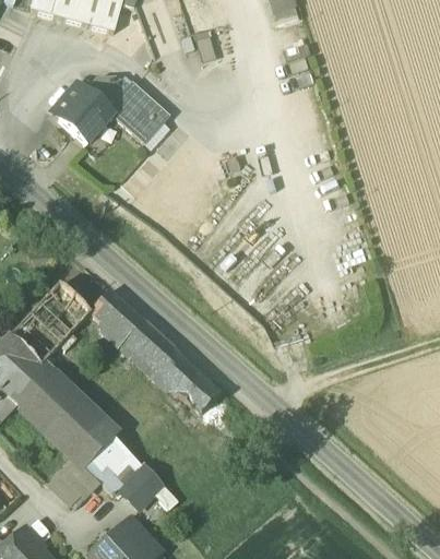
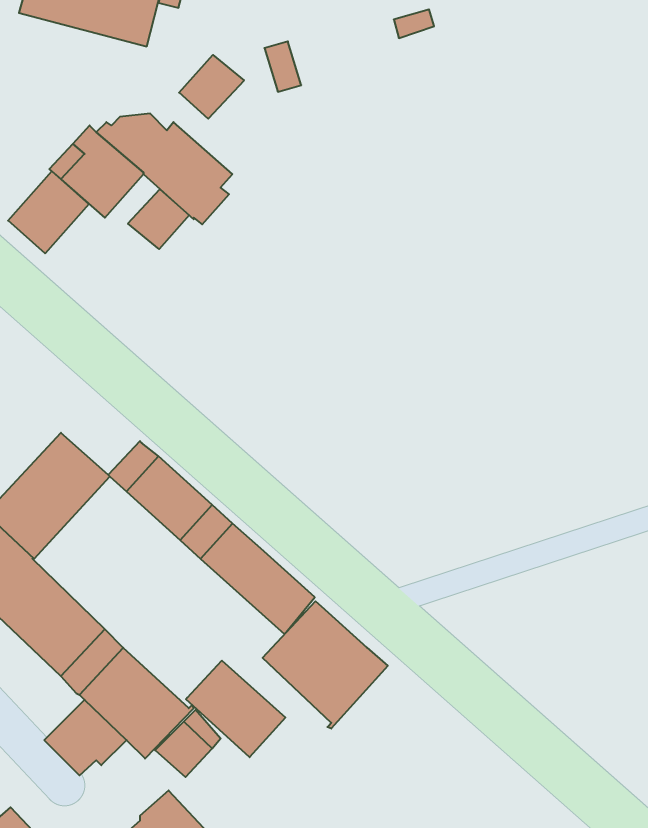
building: none -> [179,55,244,119]
building: none -> [8,171,89,253]
building: none -> [128,189,189,249]
building: none -> [263,601,388,729]
building: none -> [186,661,285,757]

